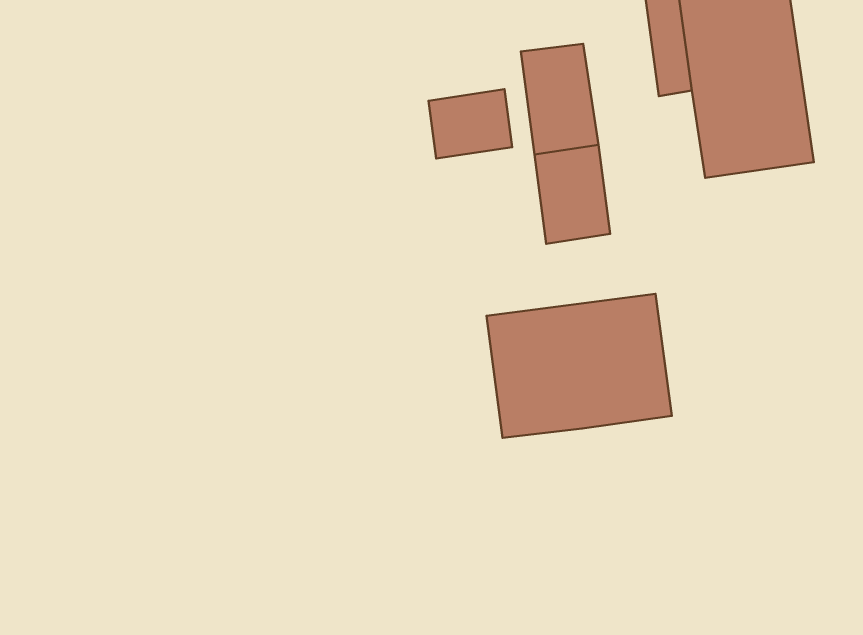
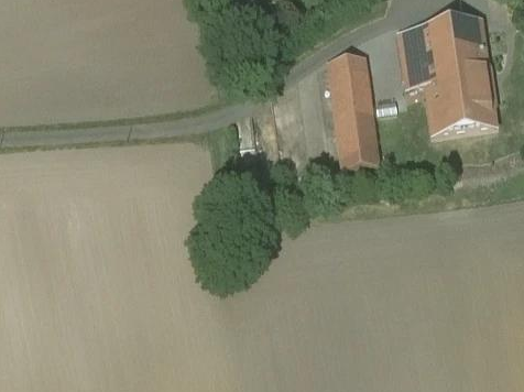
building: [428,89,512,159] -> none
building: [486,294,672,438] -> none

